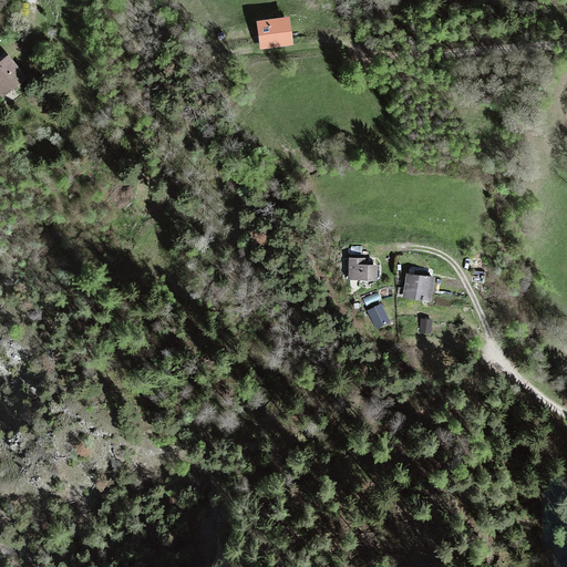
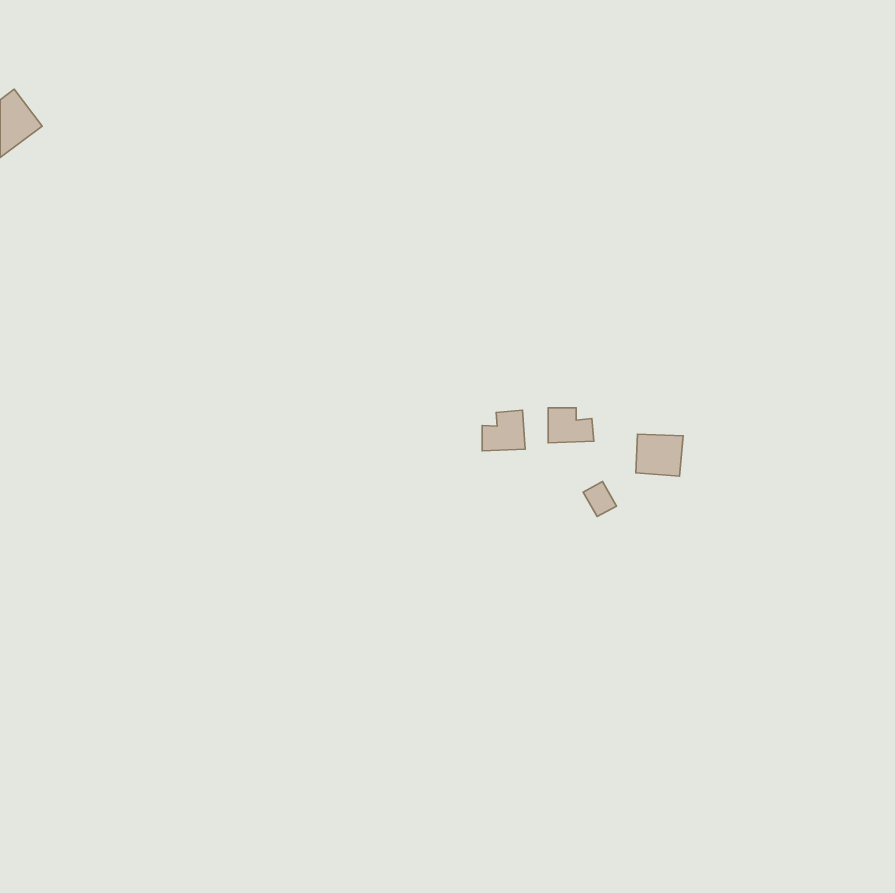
building: [258,18,291,44] -> none
building: none -> [482,410,525,451]

